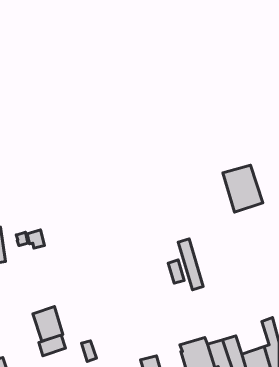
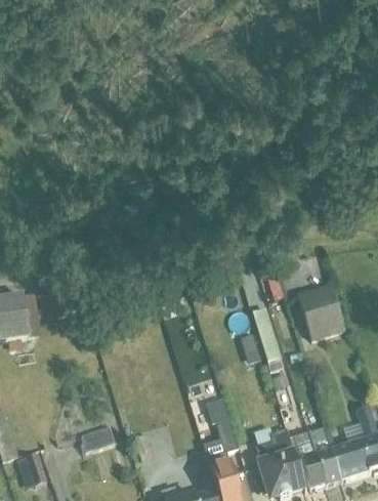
building: [223,165,263,212] -> [296,284,345,341]
building: [33,306,63,341] -> none
building: none -> [205,399,236,449]

